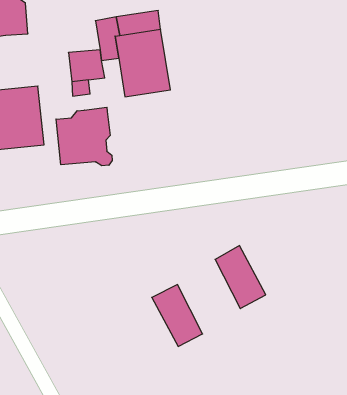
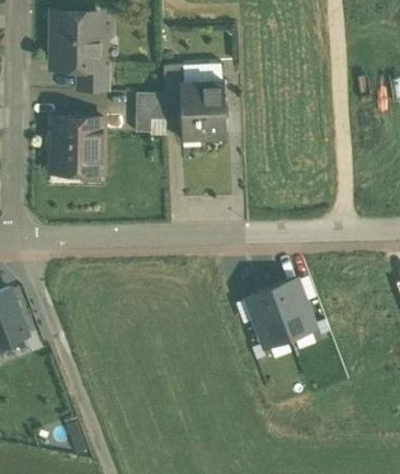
building: none -> [78,66,107,92]
building: [56,107,112,166] -> none
building: [152,285,203,346] -> [271,280,313,337]

